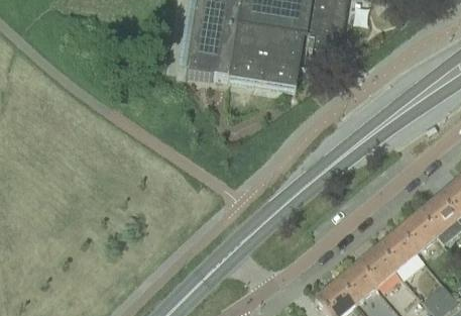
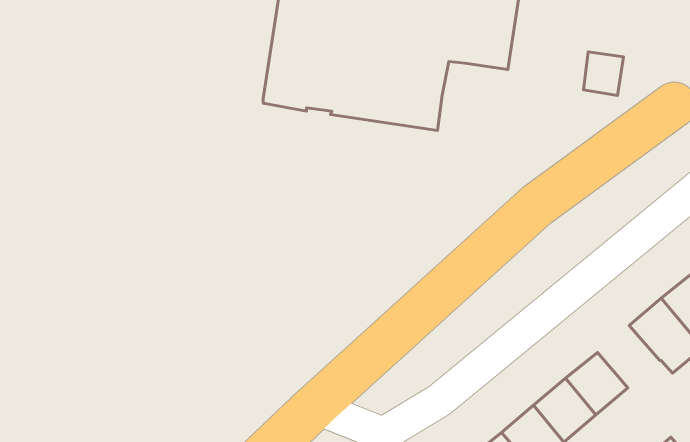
building: none -> [584,52,623,95]
building: [397,212,437,251] -> none

